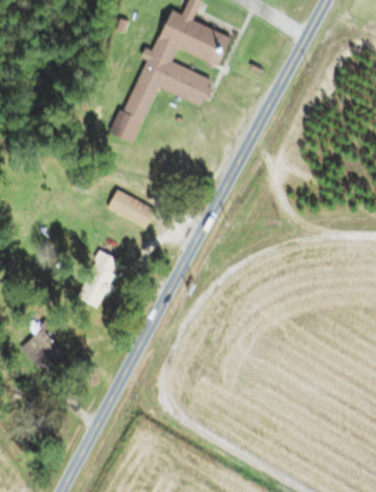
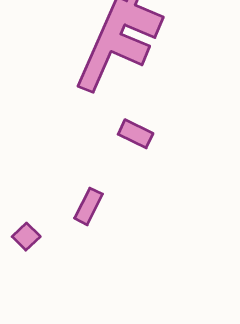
building: [106,189,155,229] -> [118,120,153,148]
building: [80,251,119,303] -> [74,188,103,225]

